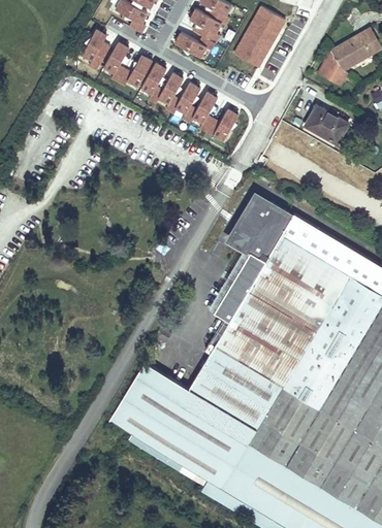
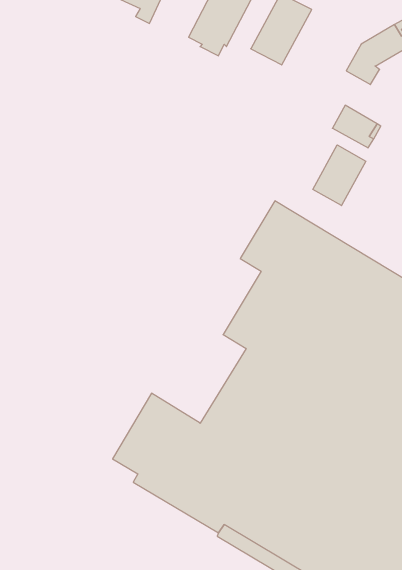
building: [79,28,241,142] -> none
building: none -> [313,145,366,206]

